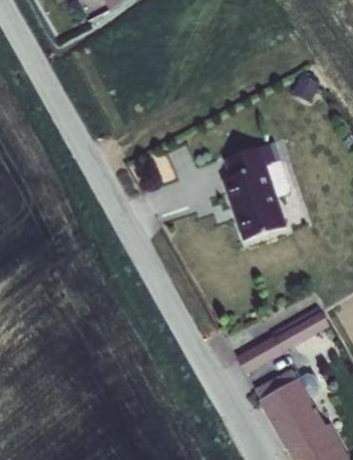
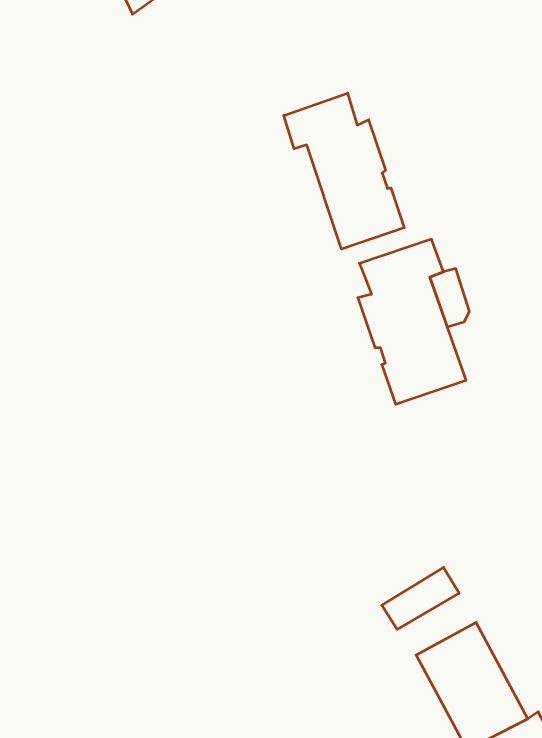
building: none -> [284,93,404,249]

